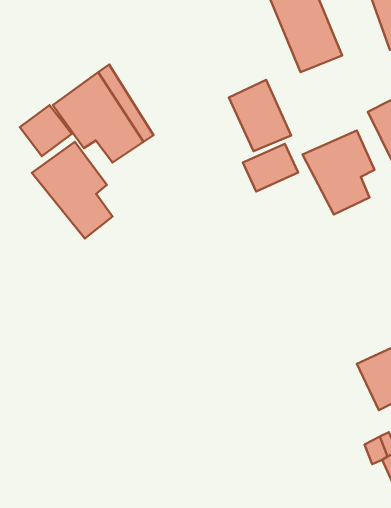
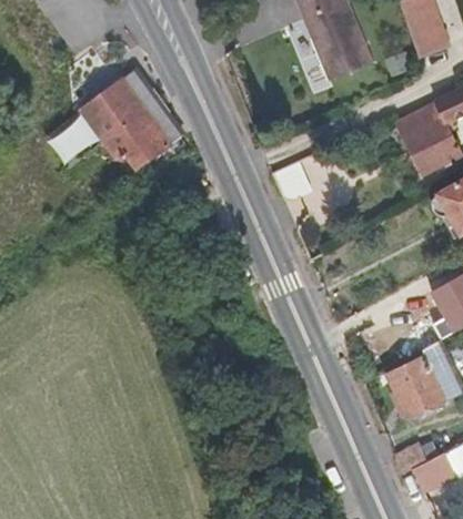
building: [229,80,291,151] -> none
building: [302,130,375,214] -> none
building: [32,142,112,238] -> none

